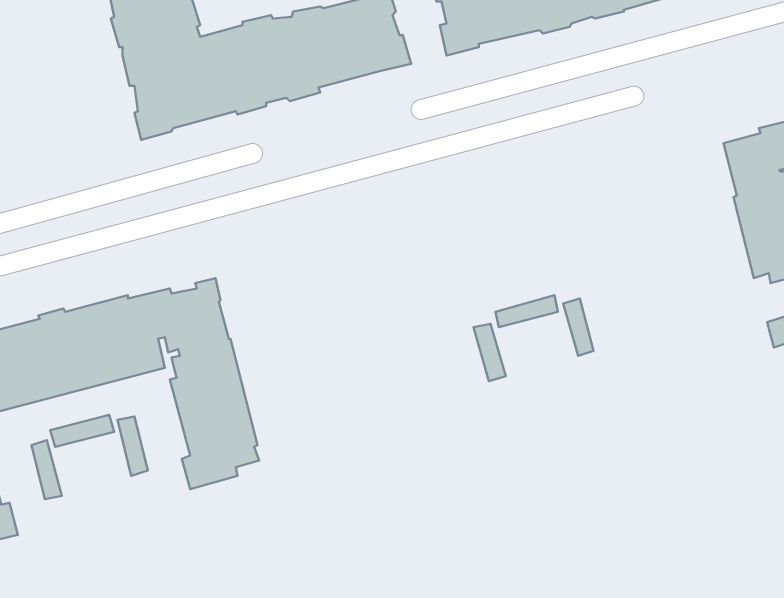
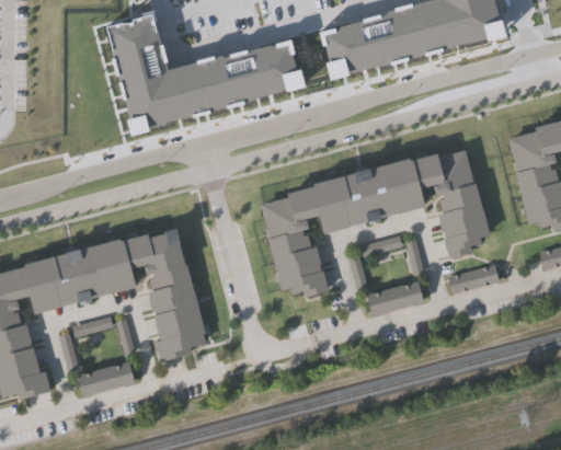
building: none -> [261,150,491,298]
building: none -> [446,264,499,293]
building: none -> [366,282,423,316]
building: none -> [77,357,139,393]

